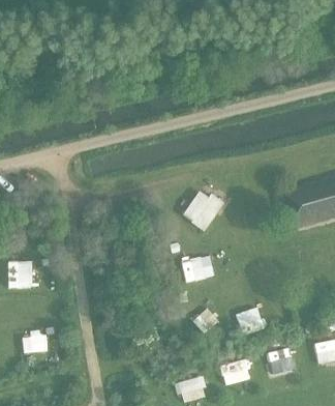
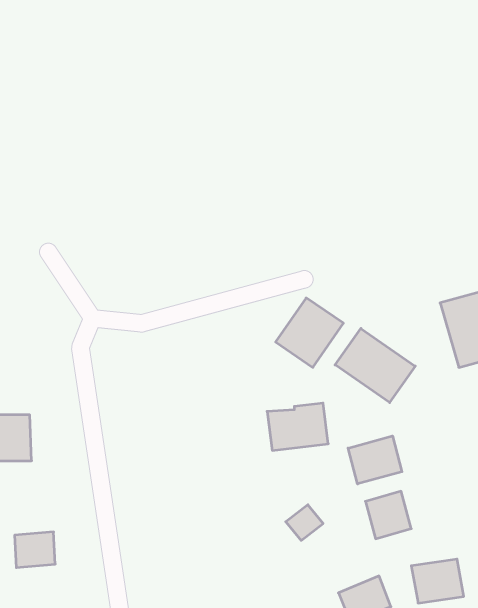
building: none -> [335,328,415,403]
building: none -> [348,436,402,484]

